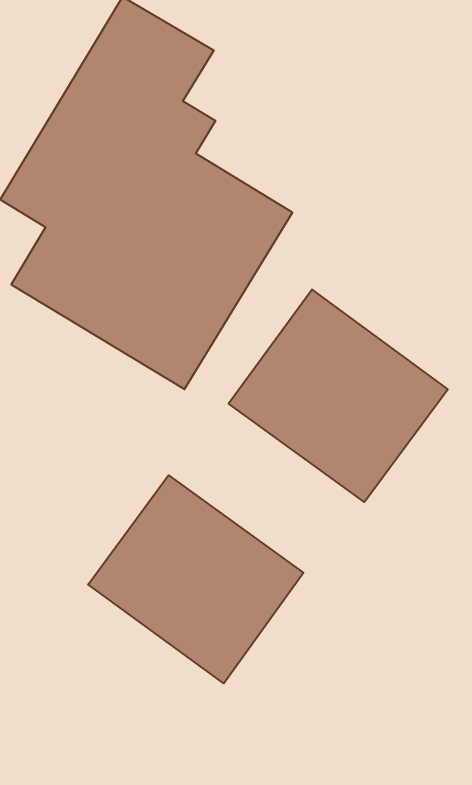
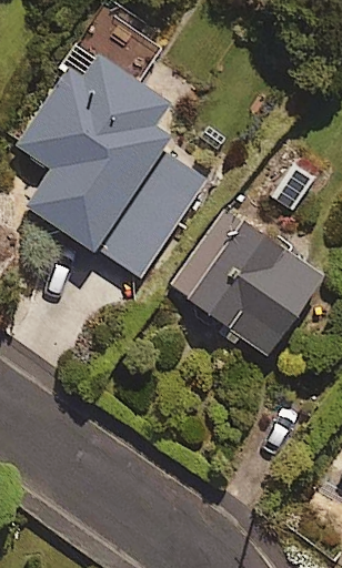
building: [88,475,303,683] -> none

